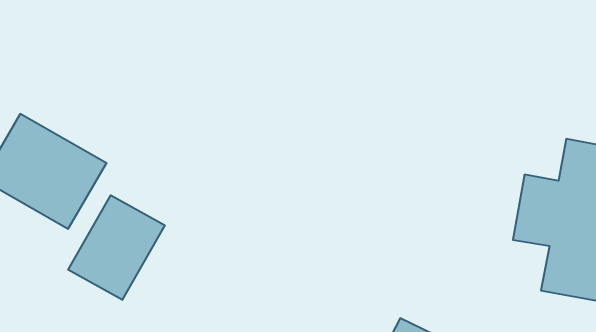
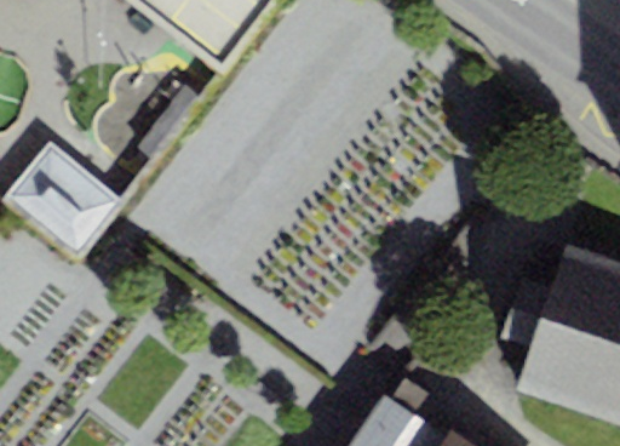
building: [68,195,165,300] -> none

